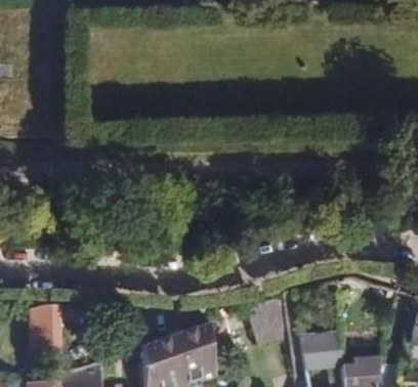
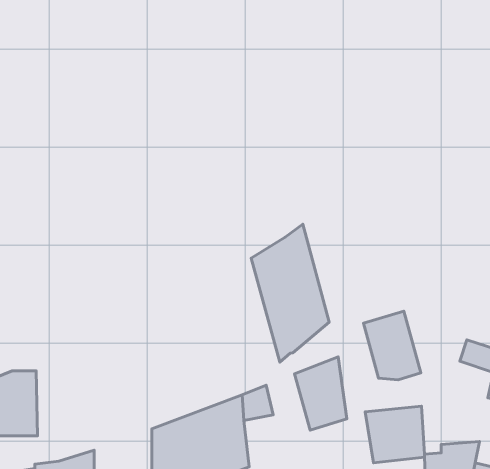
building: none -> [251,224,329,362]
building: none -> [364,311,421,380]

